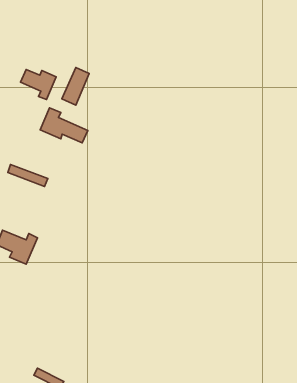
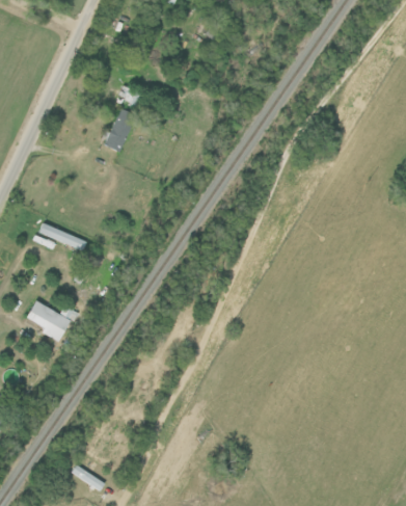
building: [20,69,56,99] -> none
building: [40,108,88,143] -> none

